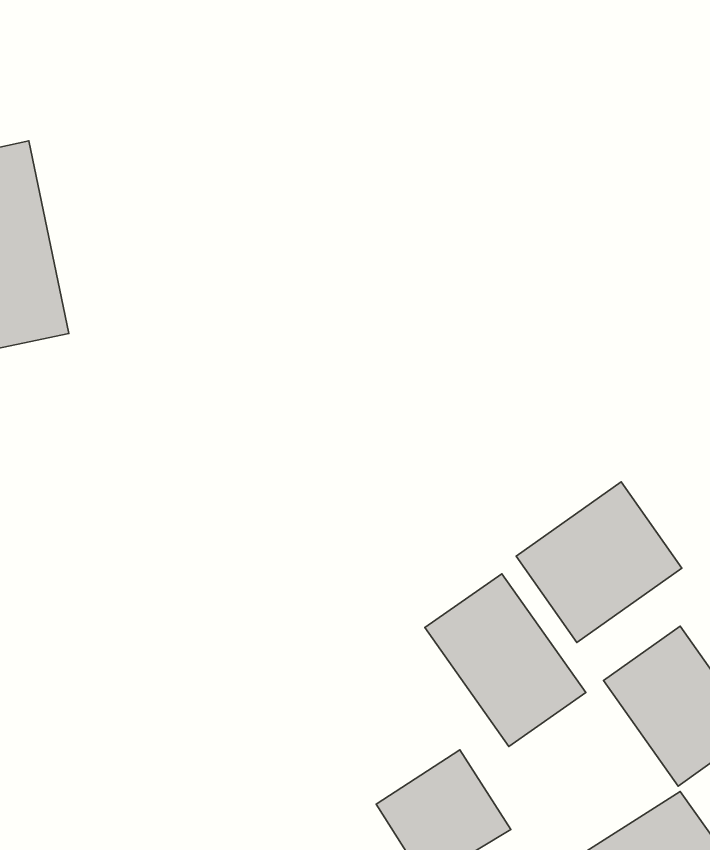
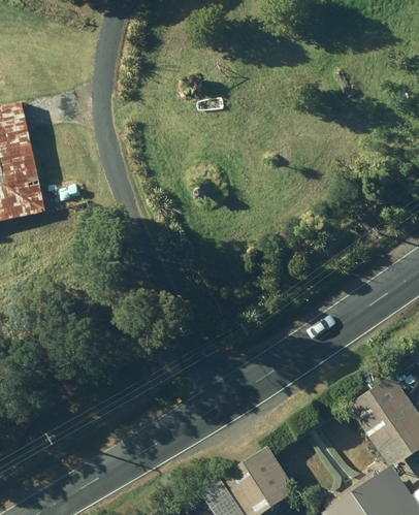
building: [516,482,682,643] -> none
building: [425,574,586,746] -> none

